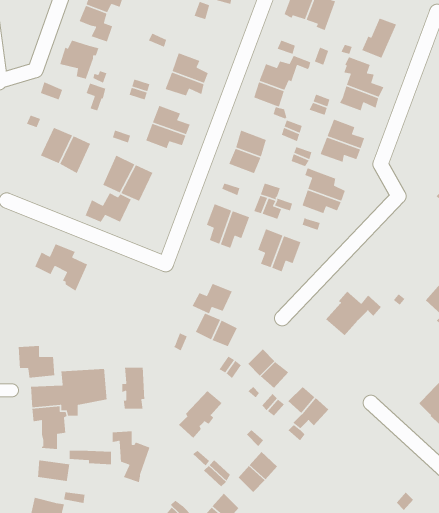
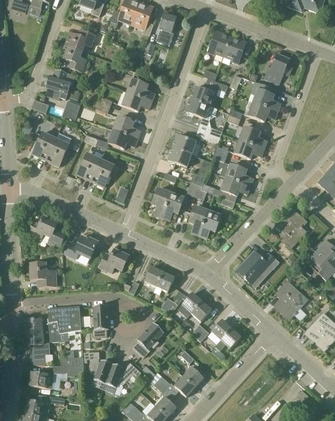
building: [85,192,132,223] -> [64,236,98,258]
building: none -> [277,208,307,247]
building: [191,283,233,315] -> [99,249,129,272]
building: none -> [274,281,307,318]
building: [18,345,55,378] -> [30,262,57,286]
building: none -> [105,363,141,387]

